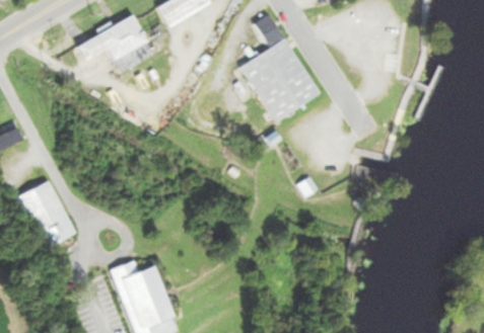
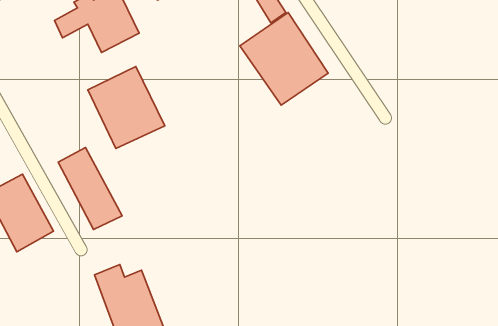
building: none -> [88,66,165,149]
building: none -> [58,147,122,230]

